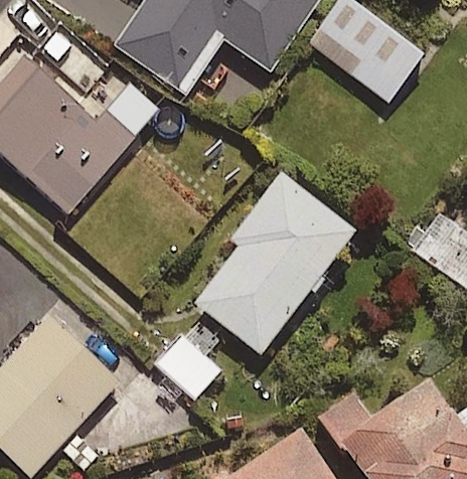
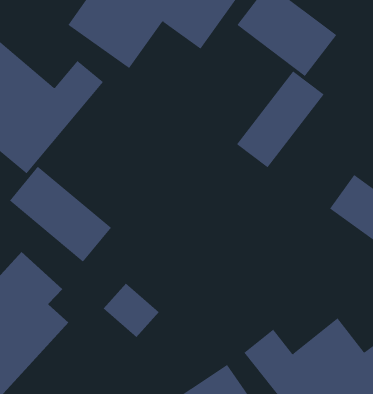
building: none -> [236,71,324,168]
building: [195,175,354,354] -> none
building: none -> [9,166,112,263]

